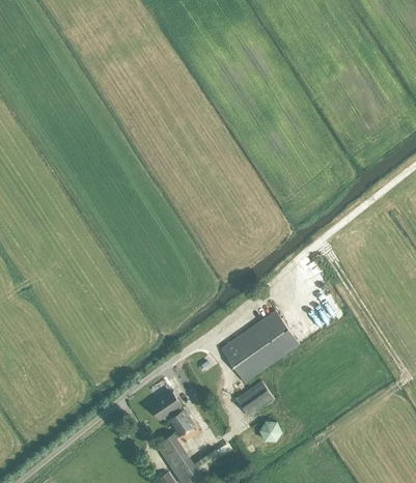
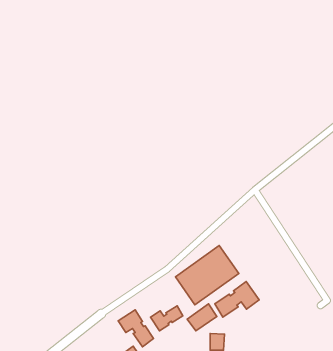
building: none -> [215,282,259,317]
building: none -> [151,306,183,331]

